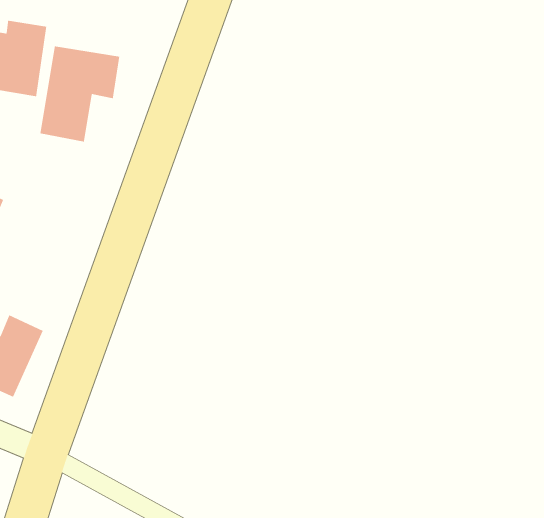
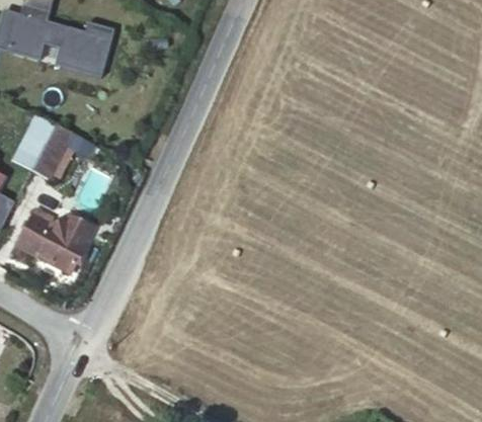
building: [39,45,120,143] -> none

